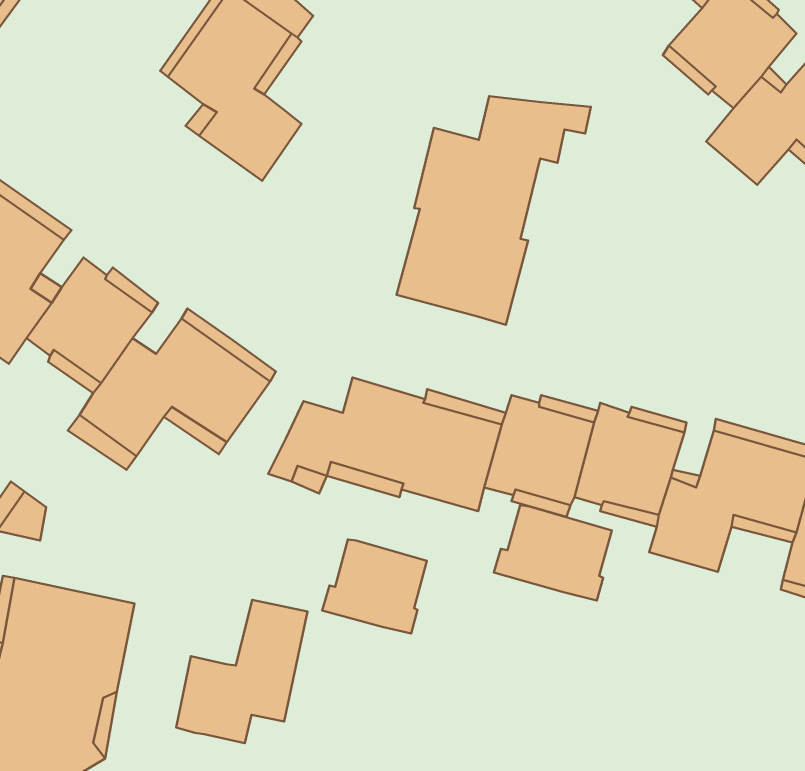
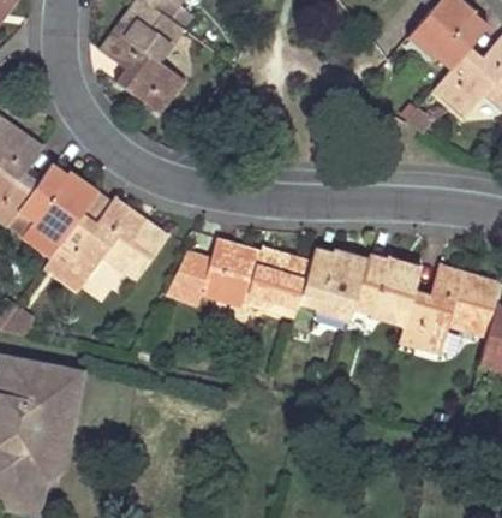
building: [397,96,591,325] -> none
building: [494,505,612,600] -> none
building: [322,540,427,633] -> none
building: [176,600,307,743] -> none

